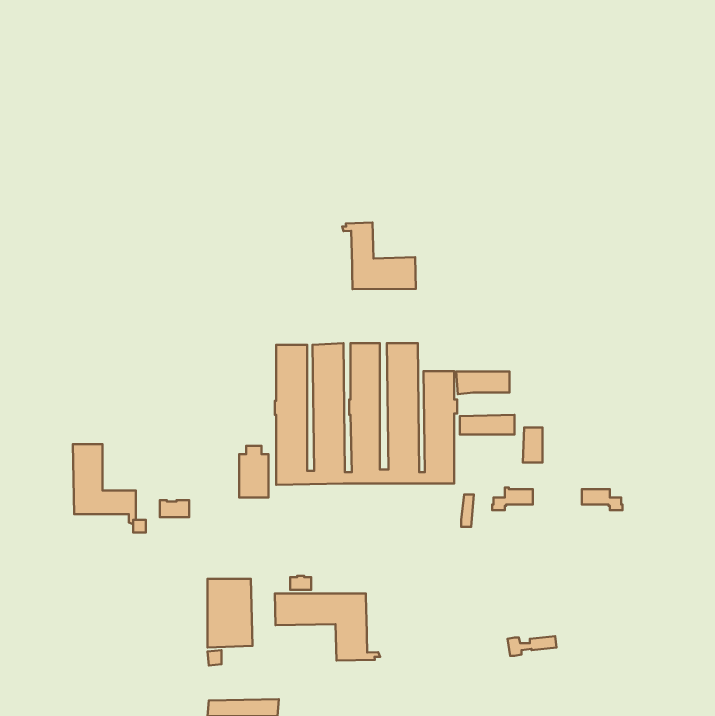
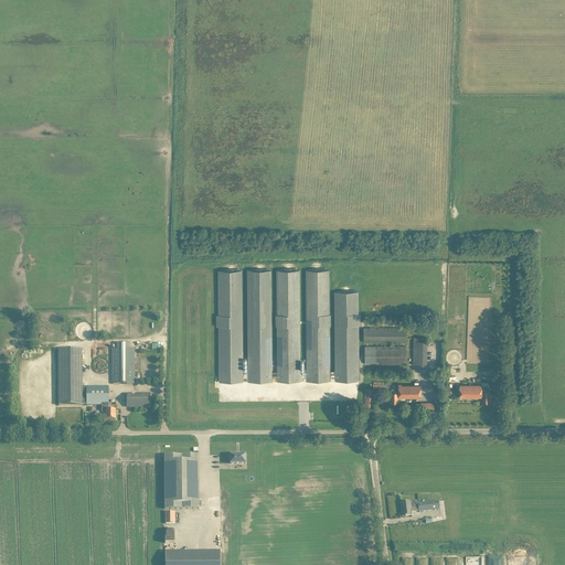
building: [342,223,416,289] -> none
building: [456,372,510,394] -> [363,347,405,364]
building: [239,446,269,498] -> [110,343,134,384]
building: [275,593,380,661] -> none

